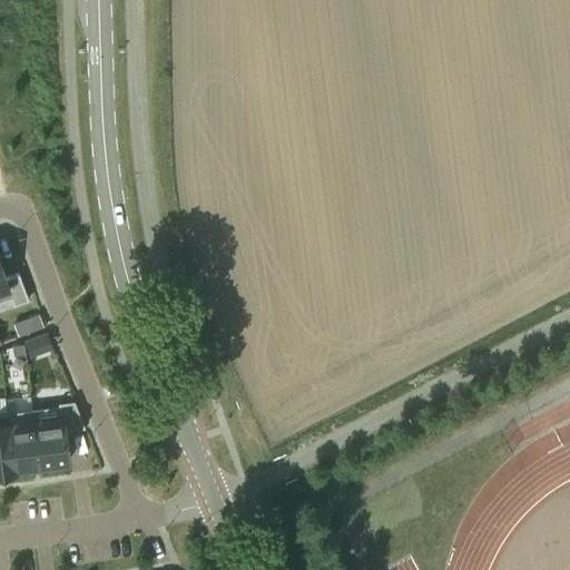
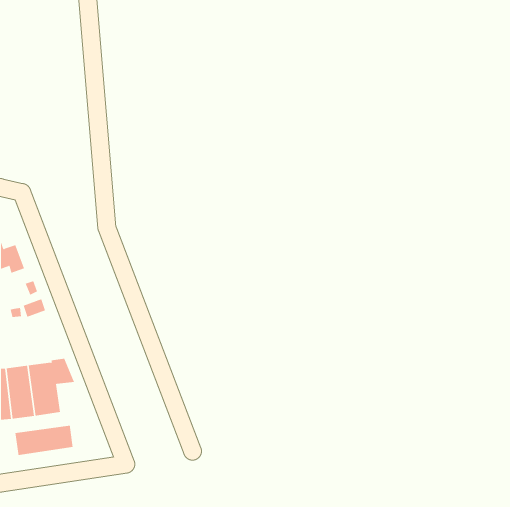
building: none -> [15,425,73,456]

